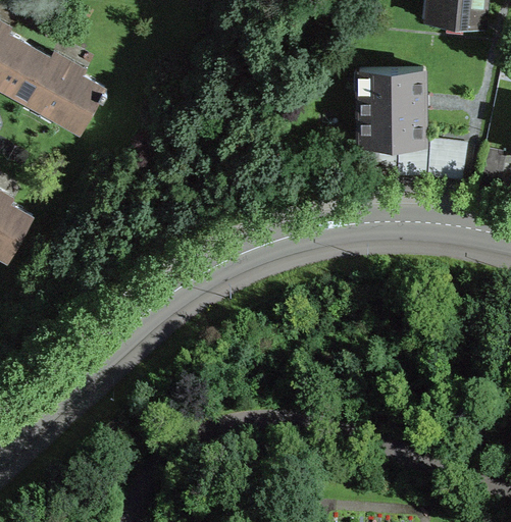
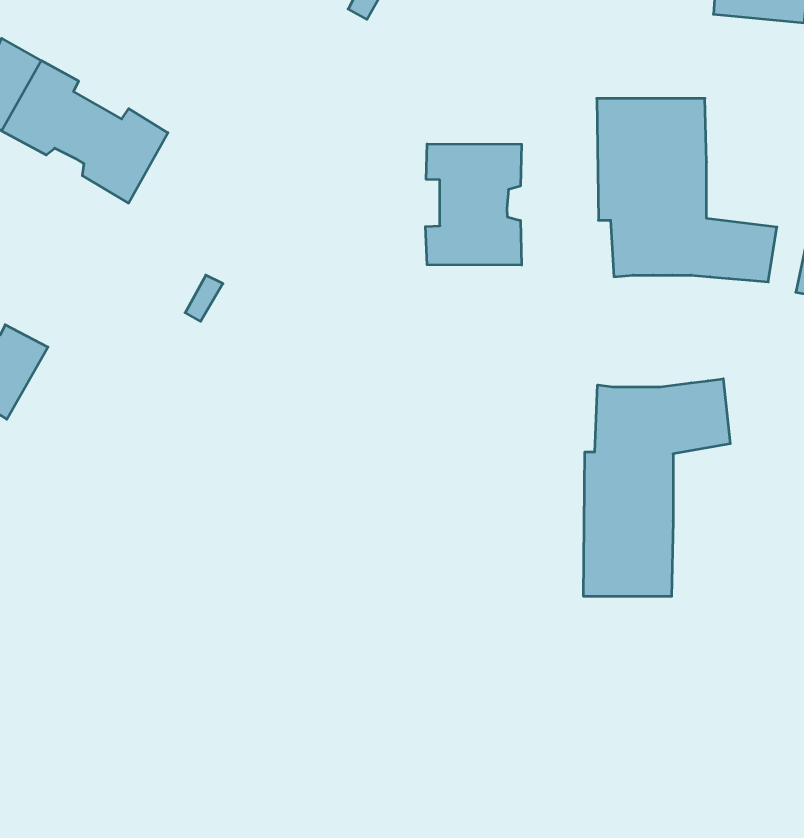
building: none -> [425,144,522,265]
building: none -> [584,379,730,596]

